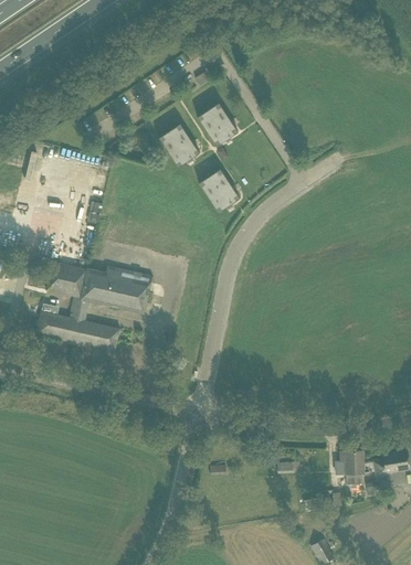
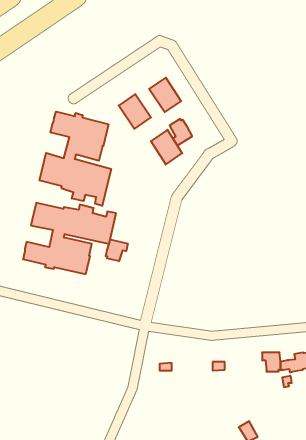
building: none -> [39,112,111,206]
building: none -> [170,119,192,146]
building: none -> [106,239,128,261]

